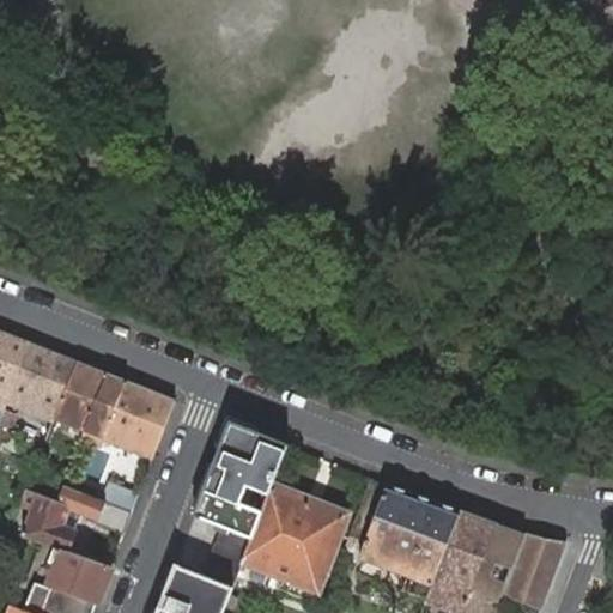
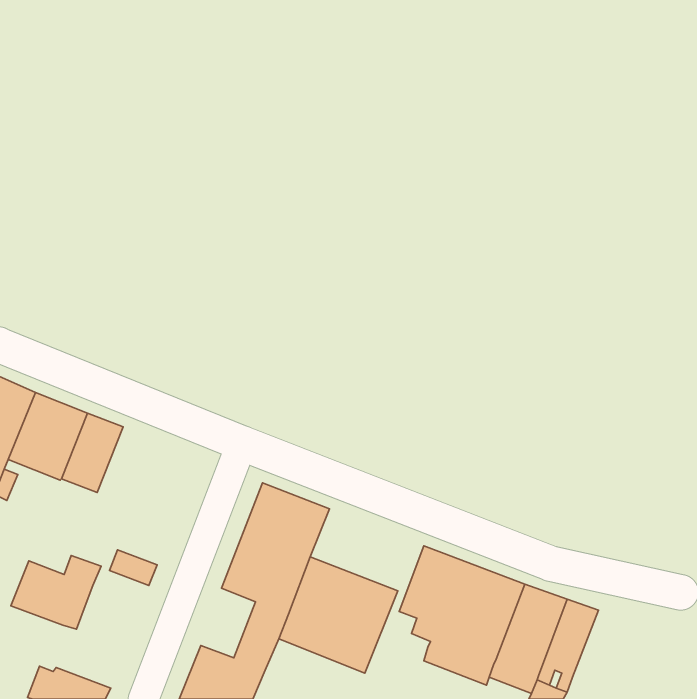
building: [85,374,174,456] -> none
building: [502,534,565,607] -> none
building: [49,547,110,602] -> none

